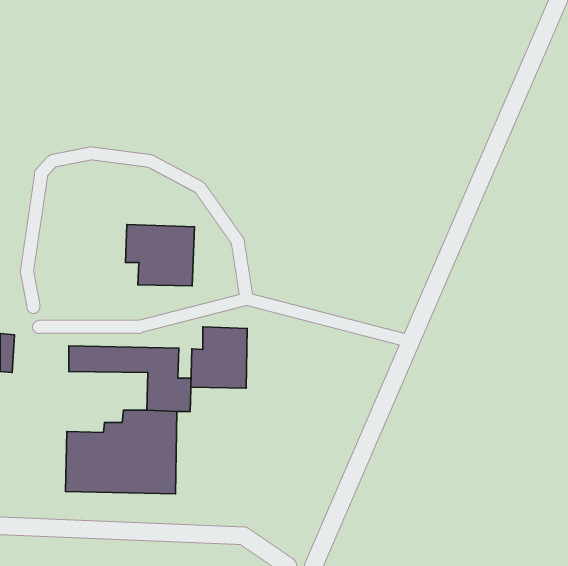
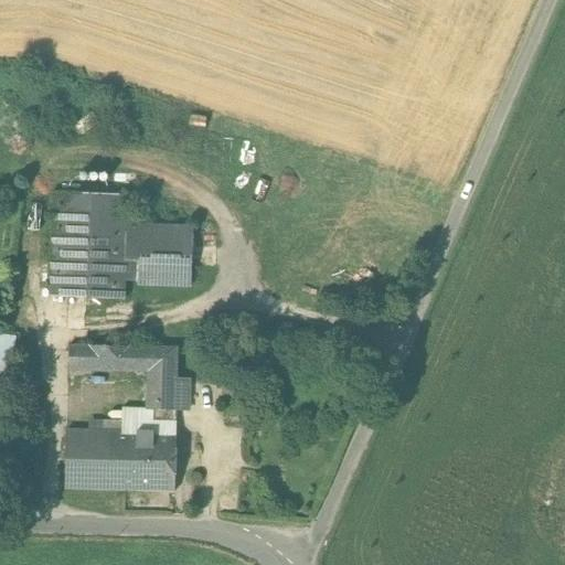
building: none -> [51,191,127,298]
building: [191,327,247,388] -> none

